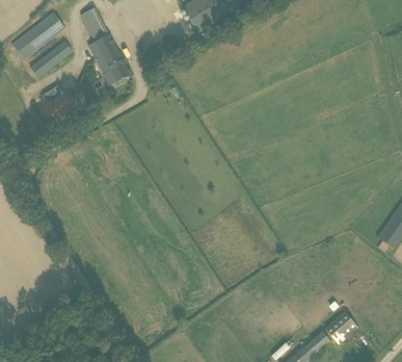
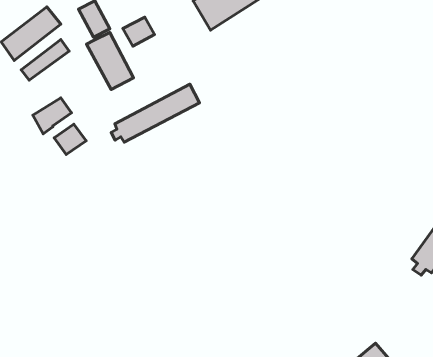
building: none -> [123,17,155,46]
building: none -> [111,84,199,142]
building: none -> [54,124,86,155]

